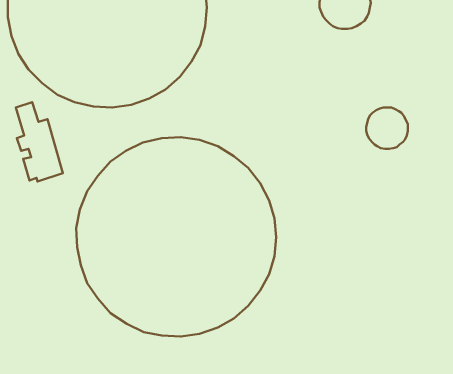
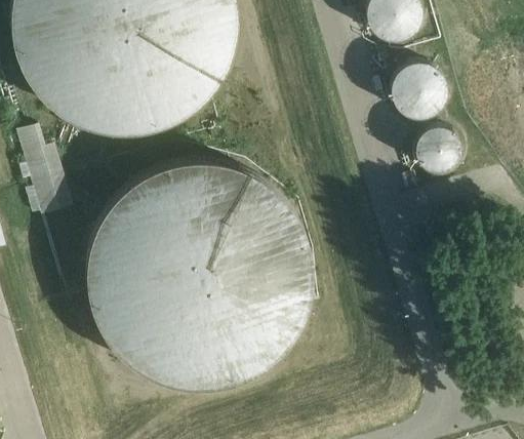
building: none -> [390,65,447,122]

